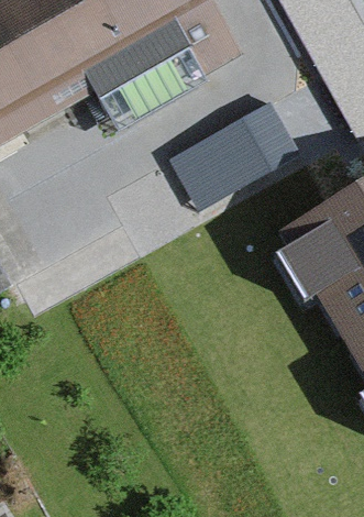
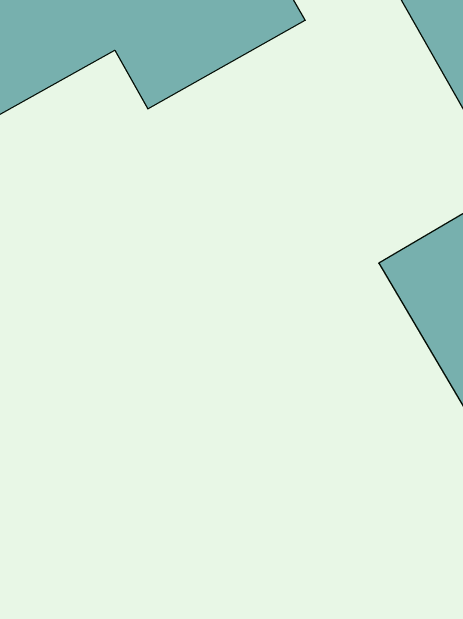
building: [176,108,296,208] -> none

